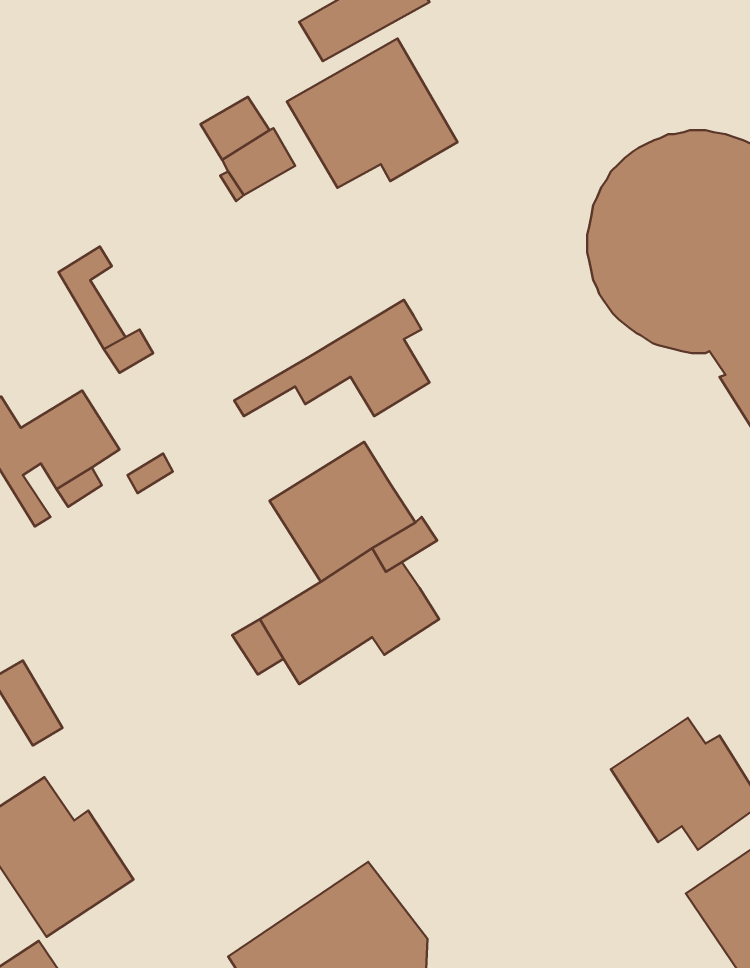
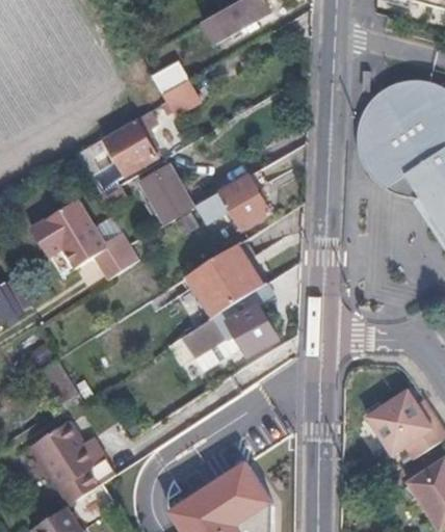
building: [287,39,457,188] -> none
building: none -> [103,109,159,176]
building: none -> [139,163,208,224]

